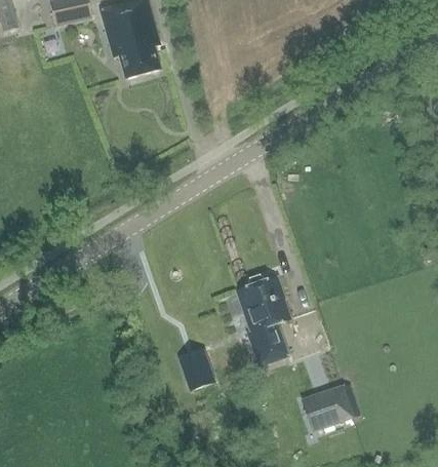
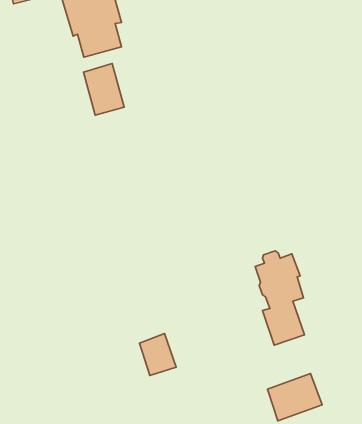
building: none -> [84,64,124,115]
building: [240,272,288,364] -> [255,251,304,345]

